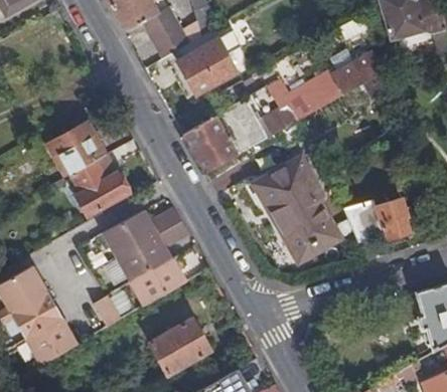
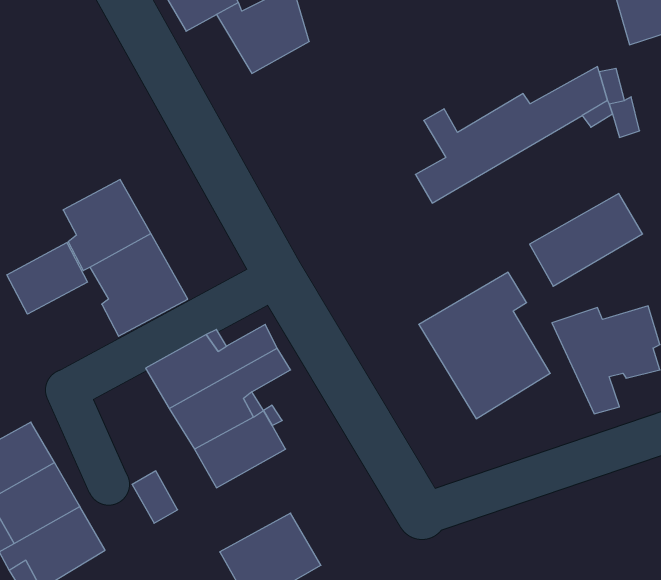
building: [178,43,237,97] -> none
building: [185,100,268,173] -> none
building: [251,152,318,207] -> [530,194,643,286]
building: none -> [7,243,87,314]

